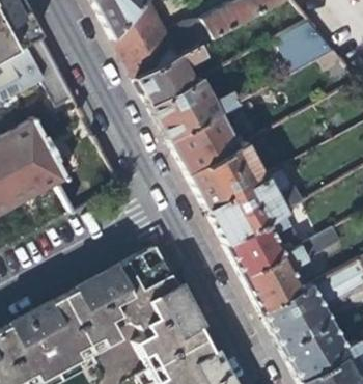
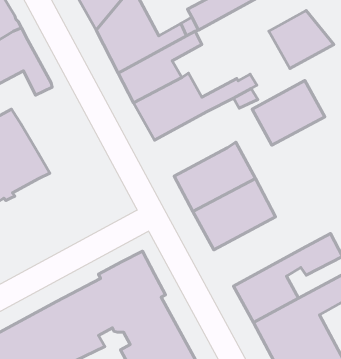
building: [170,112,239,173] -> [252,80,325,145]
building: [226,212,309,277] -> none

